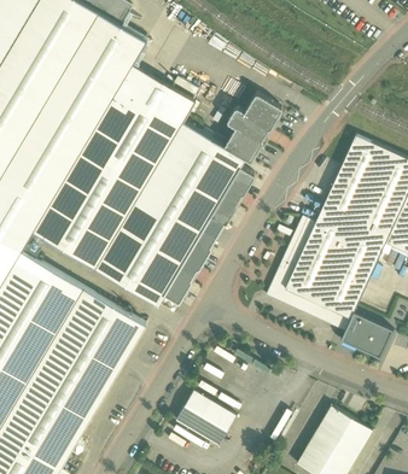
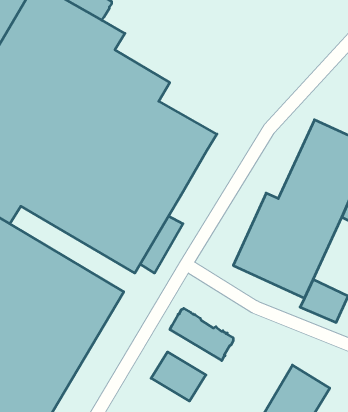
building: [227,86,284,153] -> none
building: [208,170,252,229] -> none
building: none -> [170,308,233,361]

